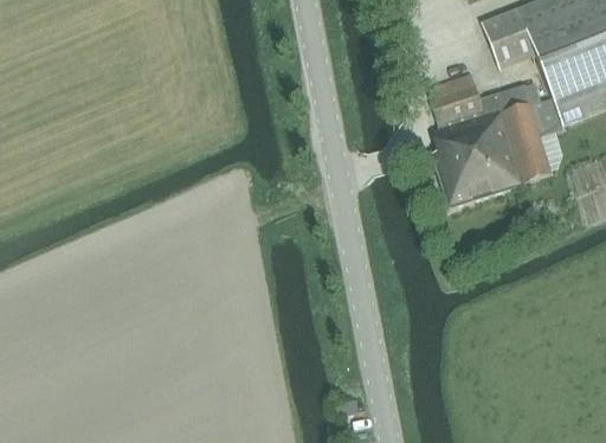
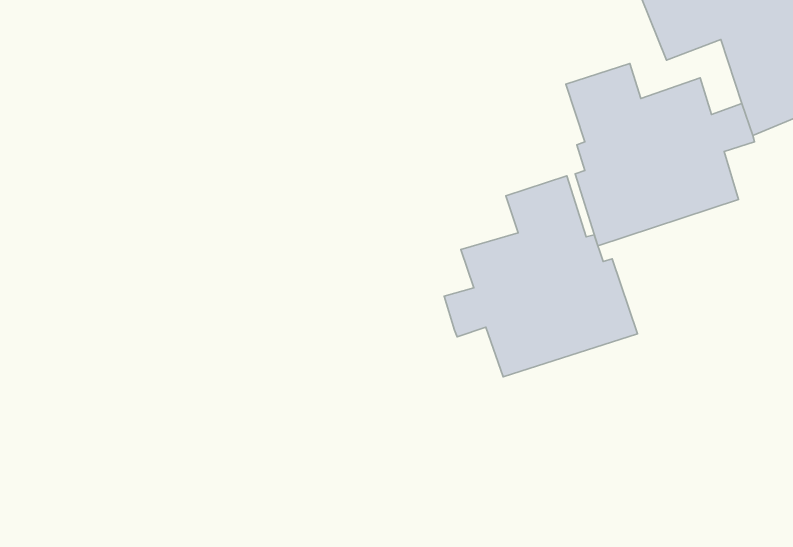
building: none -> [444,176,638,377]

